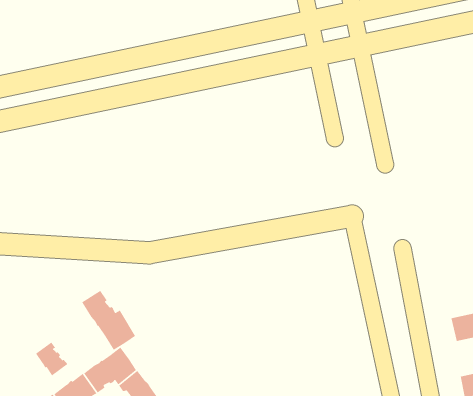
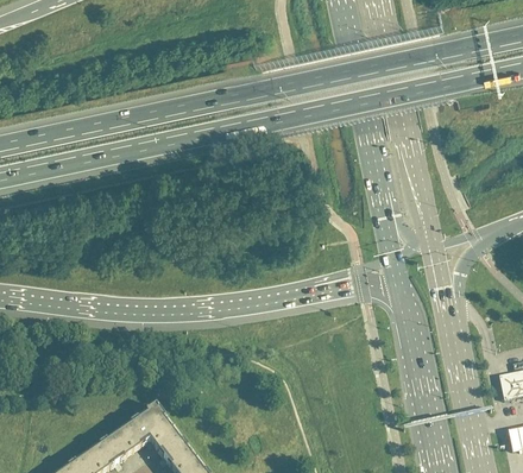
building: [81,290,137,351] -> none
building: [35,342,69,376] -> none

